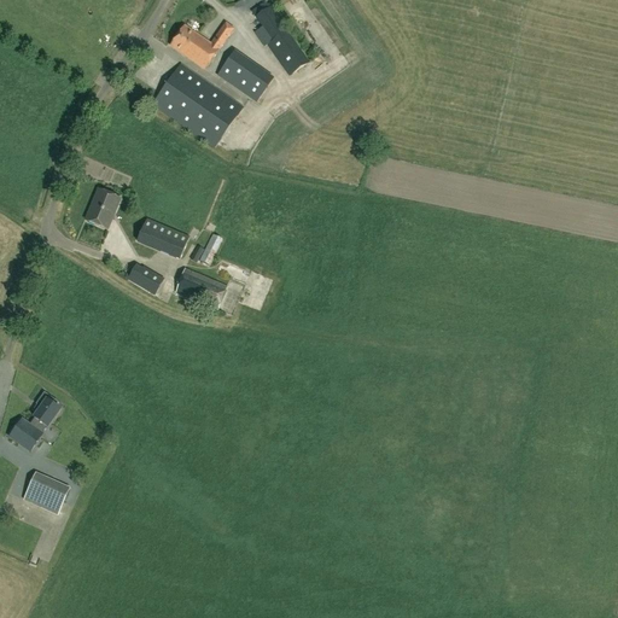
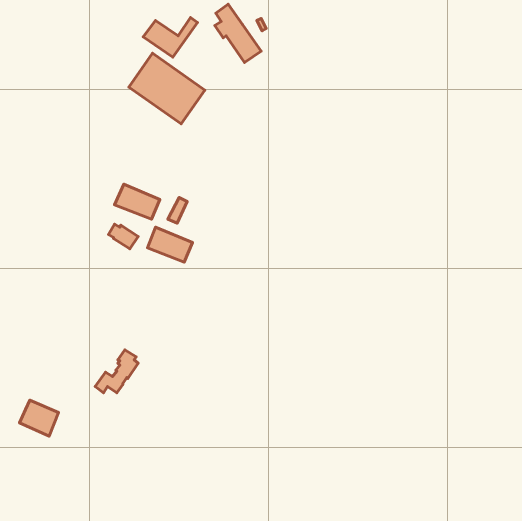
building: [216,48,273,101] -> none
building: [86,188,119,228] -> none
building: [8,392,59,443] -> [95,350,138,393]

